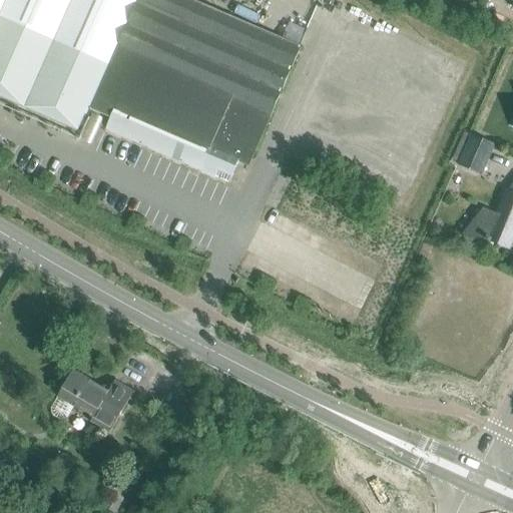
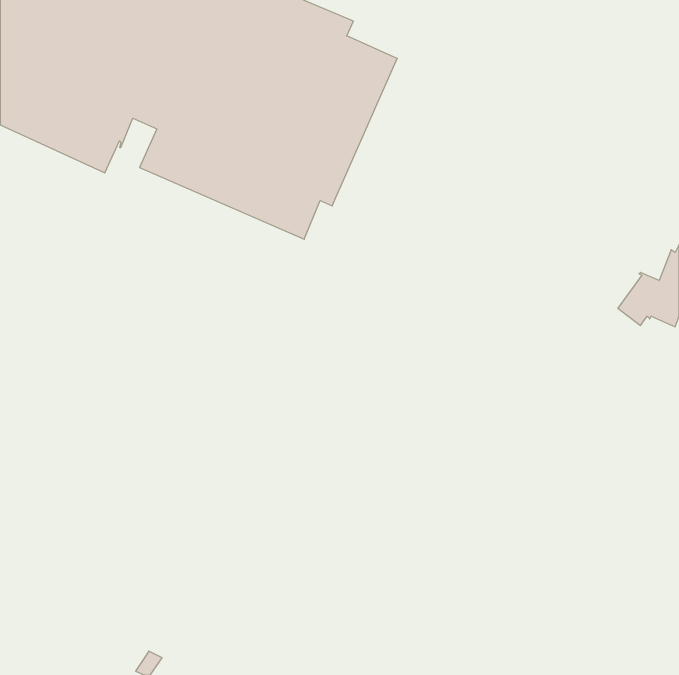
building: [450,130,494,173] -> none
building: [52,368,134,431] -> none

